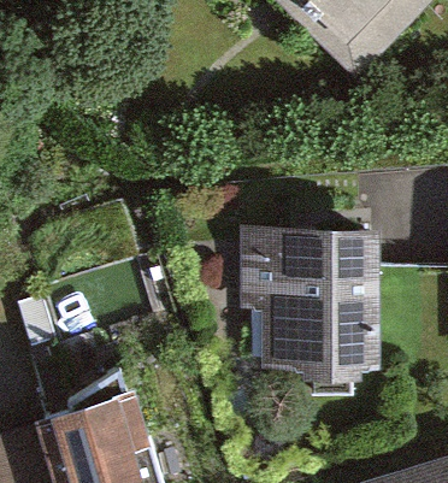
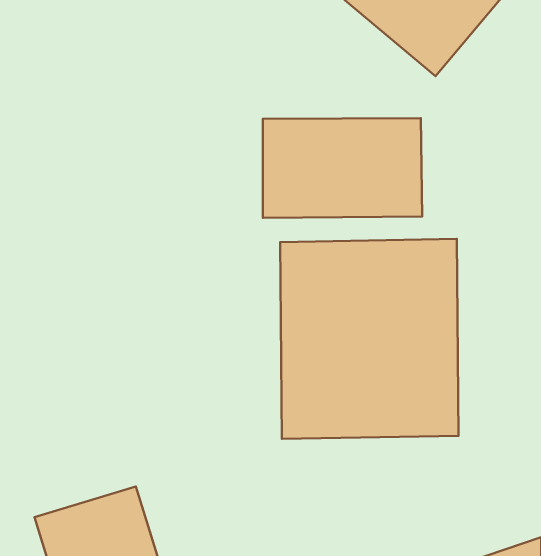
building: none -> [263,118,422,218]

